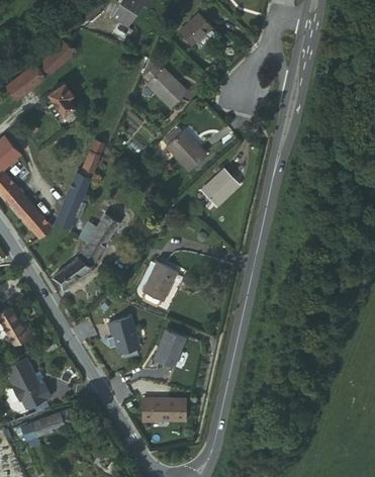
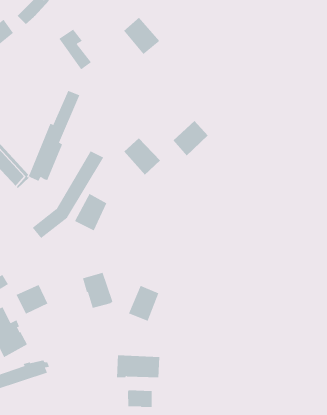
building: [48,84,81,125] -> [59,29,92,70]
building: [167,130,204,169] -> [124,137,161,176]
building: [138,256,172,294] -> [74,193,107,231]
building: none -> [16,284,48,315]
building: none -> [127,389,152,408]

